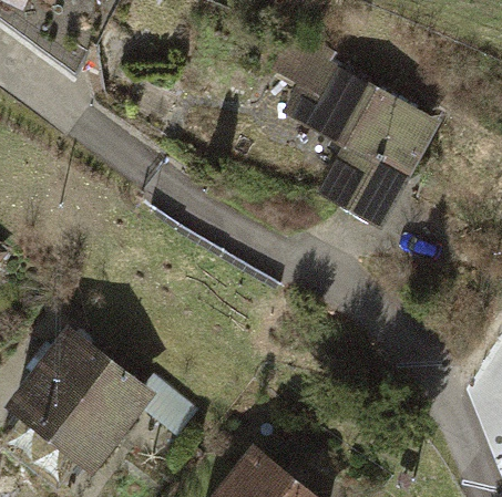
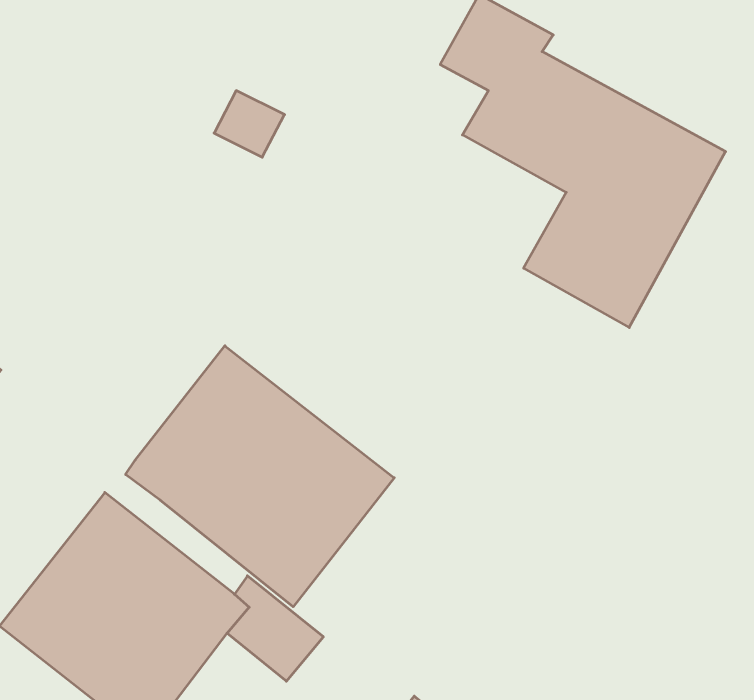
building: none -> [126,346,394,607]

